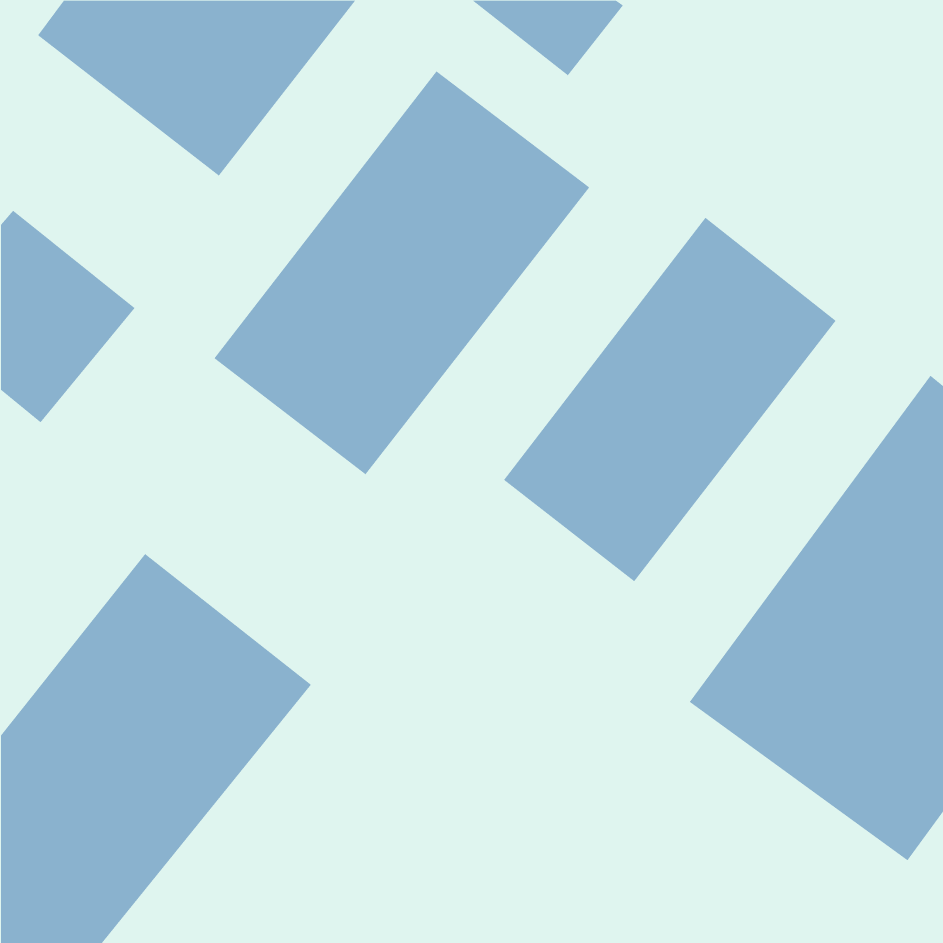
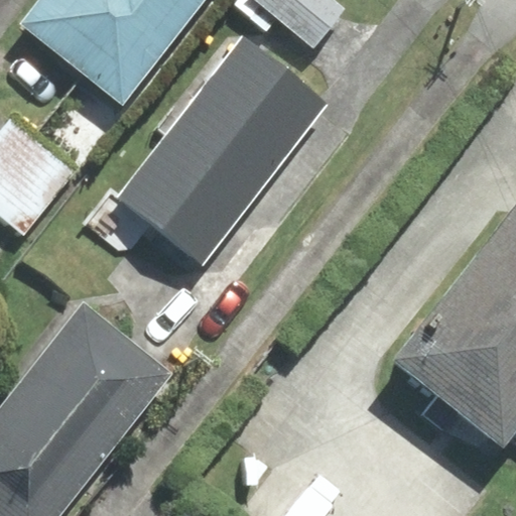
building: [503,217,837,582] -> none

